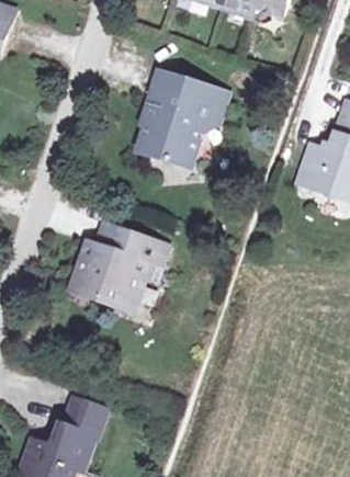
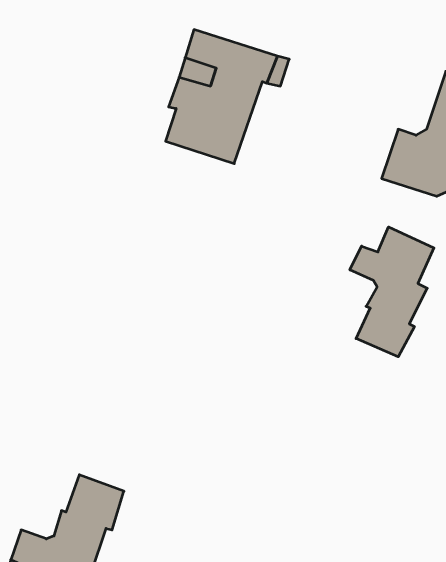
building: none -> [350,227,434,357]
building: [71,226,168,311] -> none

